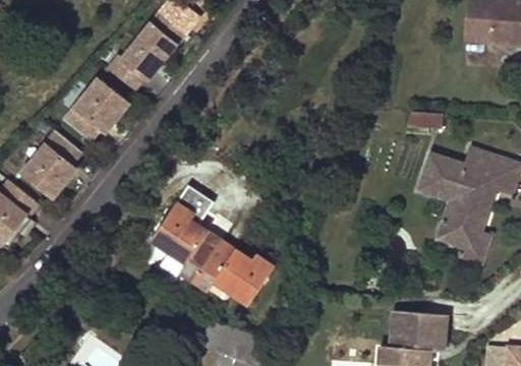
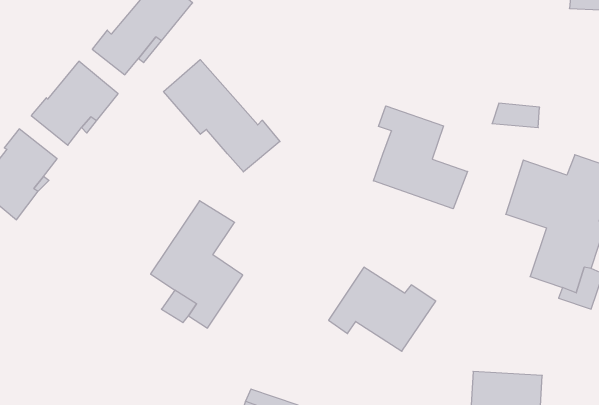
building: none -> [164,60,280,172]
building: none -> [373,106,468,209]
building: [194,239,275,302] -> [329,267,436,351]

